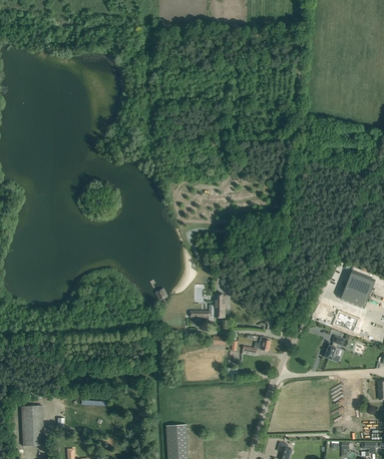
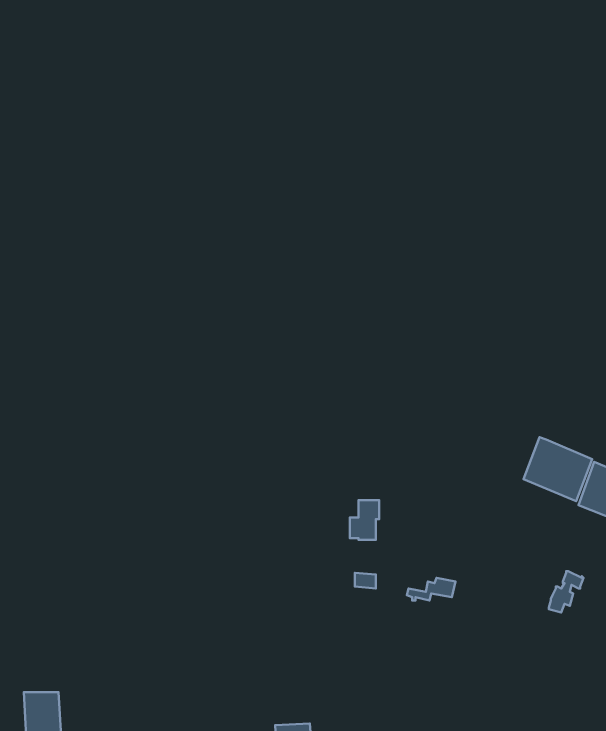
building: none -> [523,437,592,501]

